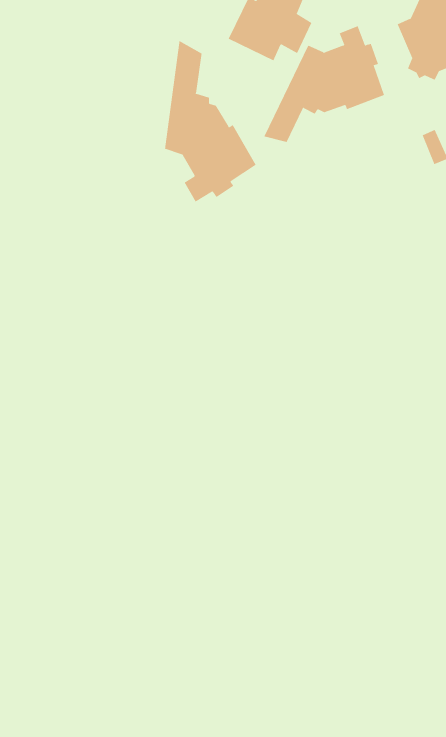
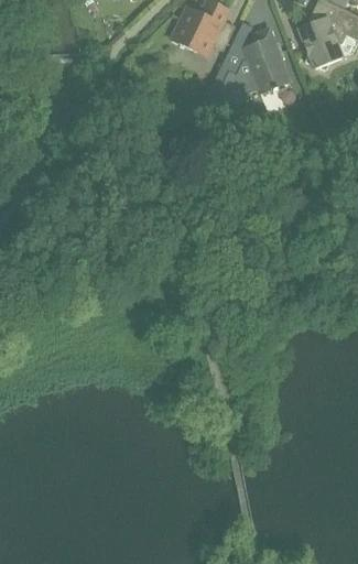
building: [165,40,256,203] -> none

